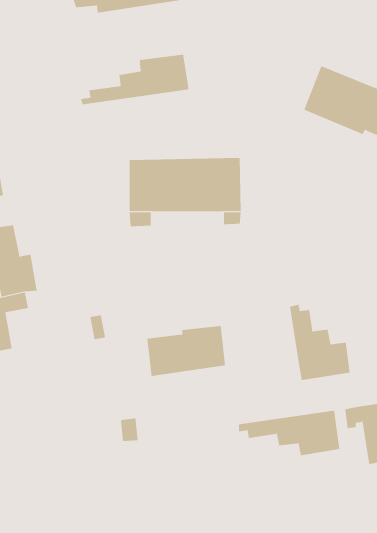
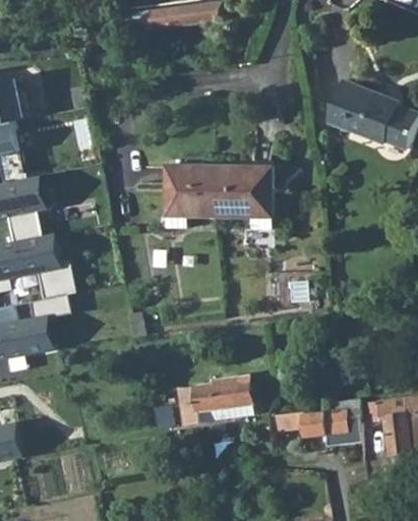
building: [80,54,189,105] -> none
building: [290,304,350,381] -> none
building: [147,326,226,376] -> [176,375,250,423]

